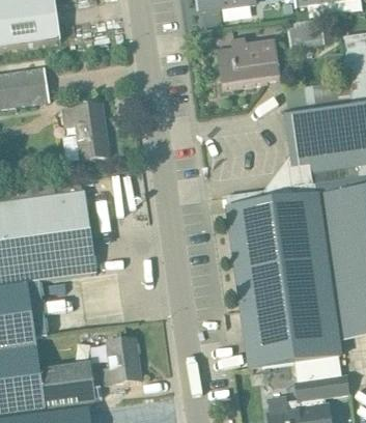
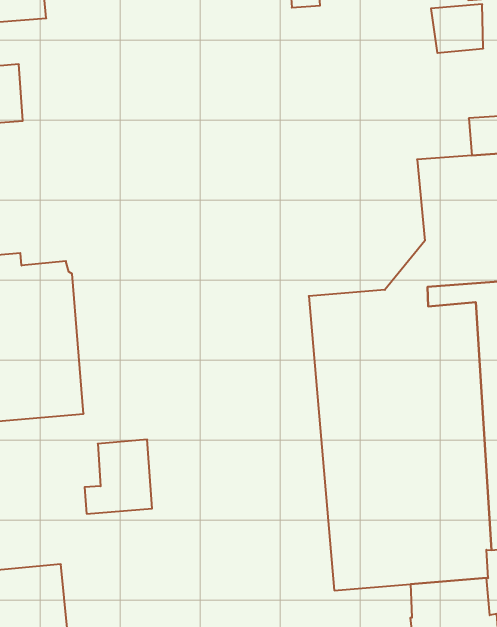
building: [217,36,280,89] -> none
building: [62,103,110,159] -> none
building: [101,338,141,384] -> [85,440,152,514]

